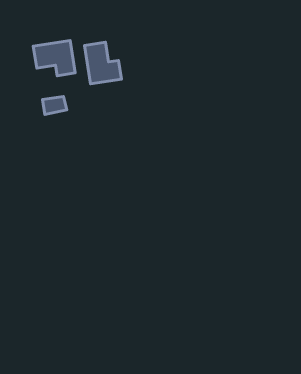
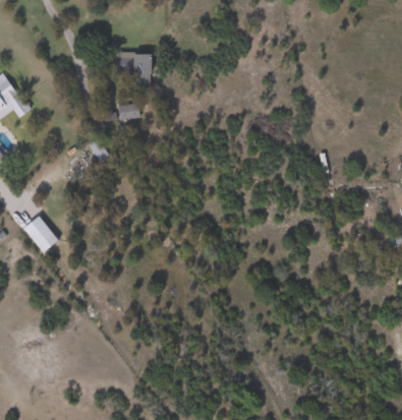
building: [84,42,121,84] -> none

